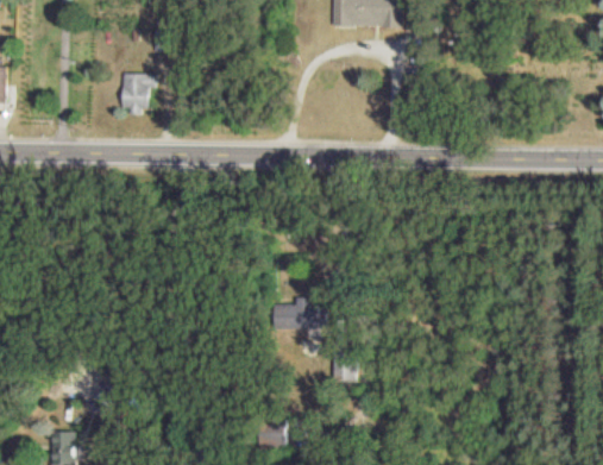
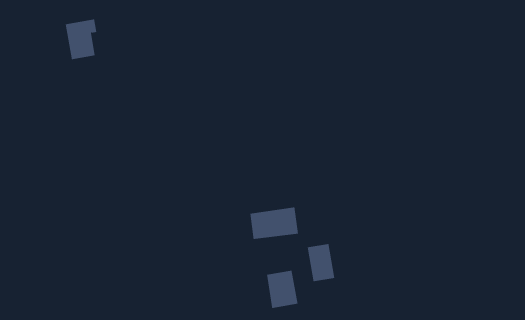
building: none -> [267,270,298,309]

